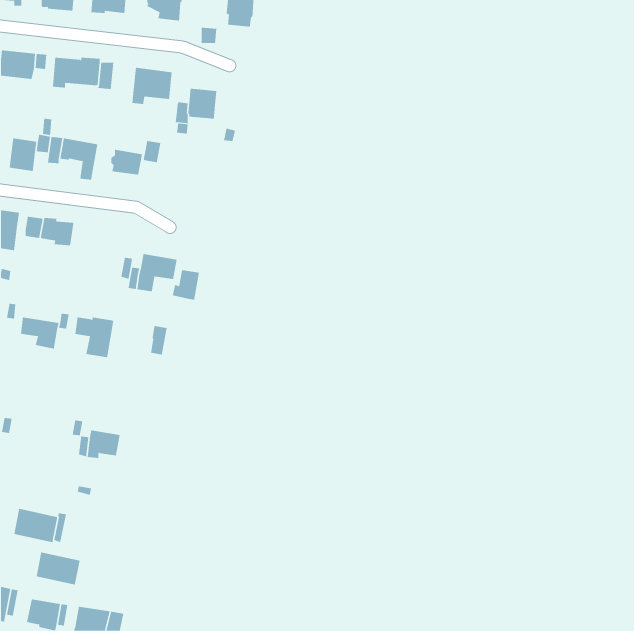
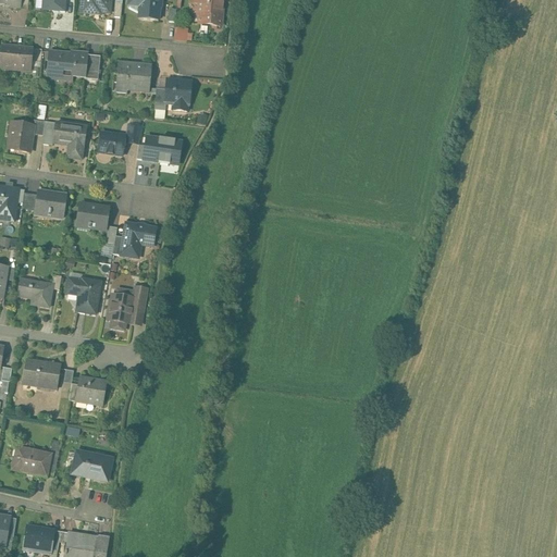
building: none -> [143,133,182,164]
building: none -> [76,202,109,228]
building: [172,269,199,301] -> none
building: none -> [108,293,134,329]
building: none -> [22,358,60,387]
building: [36,552,80,585] -> [72,450,111,480]

